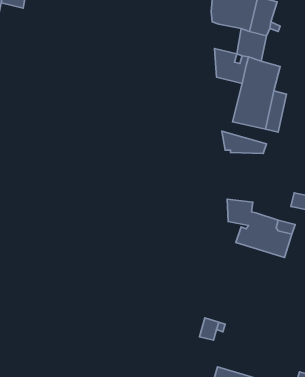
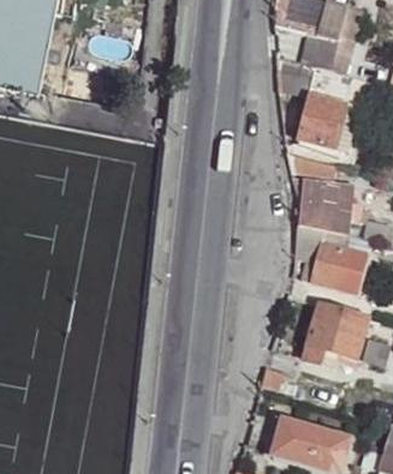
building: none -> [291,180,369,233]
building: none -> [305,305,369,368]

